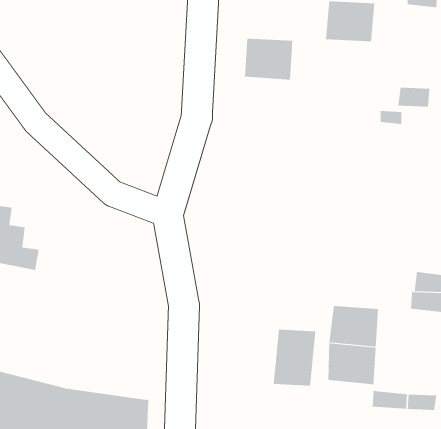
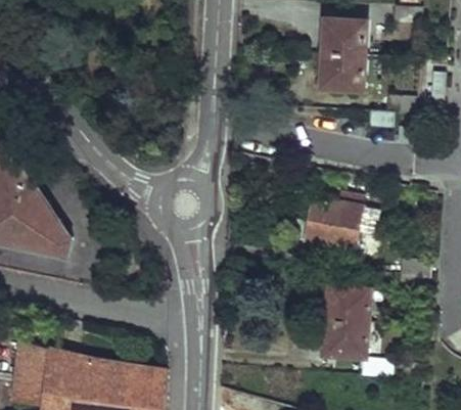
building: [244,38,293,80] -> [319,55,362,92]
building: none -> [305,191,363,252]
building: [273,329,316,386] -> none

